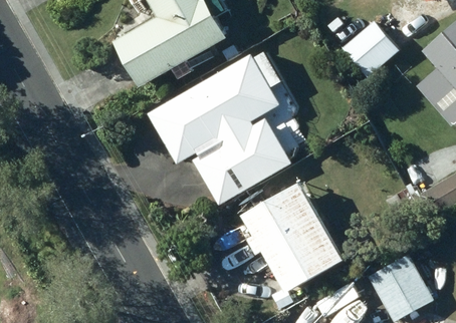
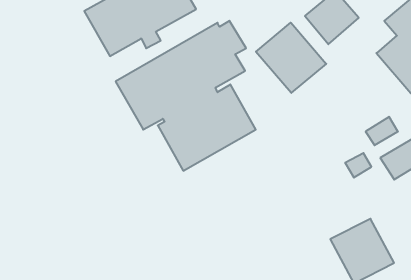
building: none -> [256,23,326,93]
building: [244,184,346,294] -> none

